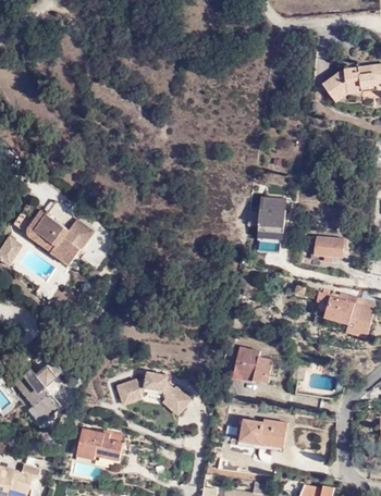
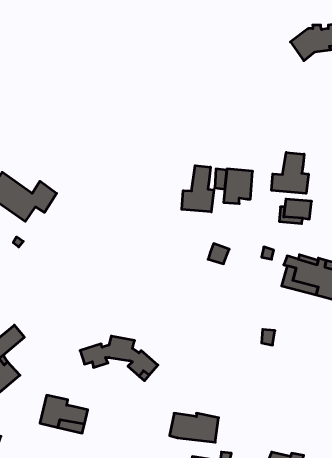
building: none -> [272,152,308,193]
building: none -> [182,166,214,212]
building: [233,346,273,382] -> none
building: [239,419,287,447] -> [170,413,219,442]

